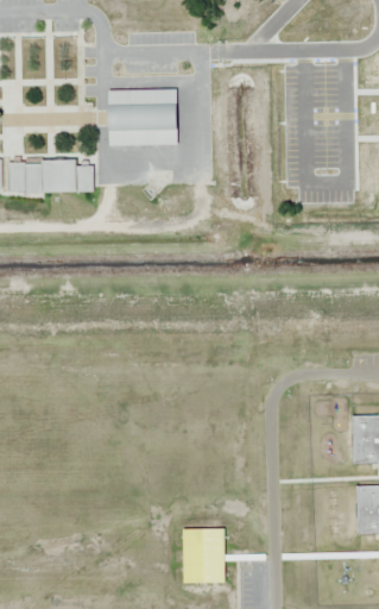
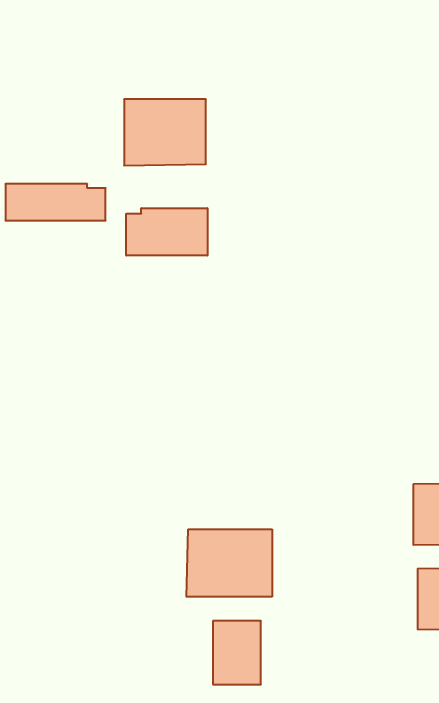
building: none -> [126,208,207,256]
building: none -> [186,529,272,597]

